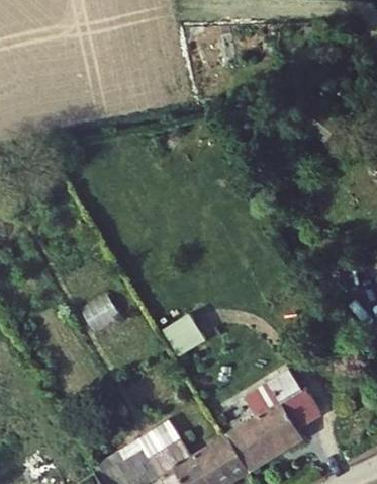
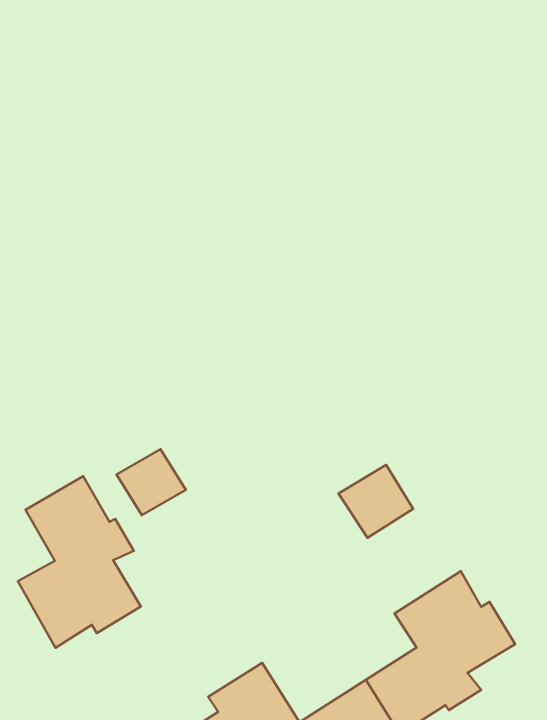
building: none -> [18,476,141,648]
building: [165,316,209,359] -> [339,465,413,538]

